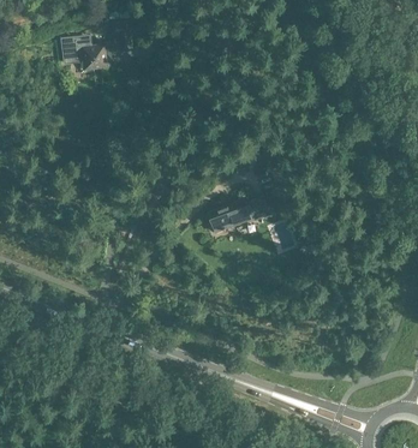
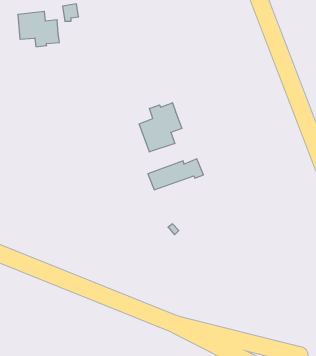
building: none -> [139,103,182,152]

